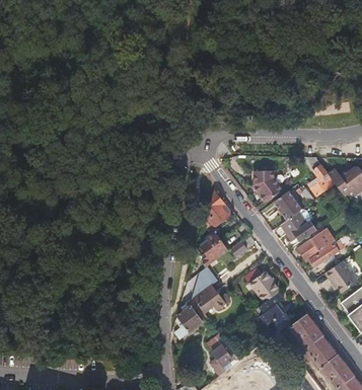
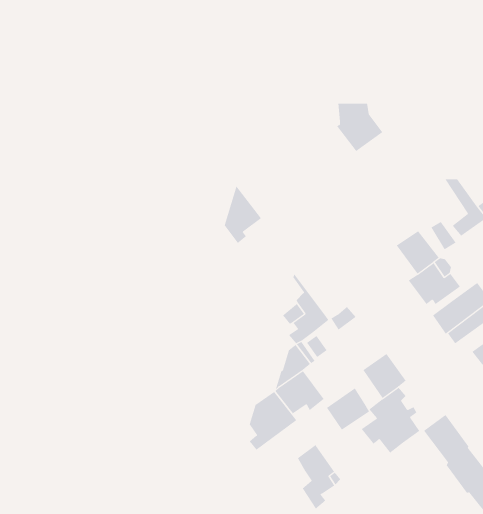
building: [251,170,283,203] -> [336,103,383,152]
building: [206,192,231,232] -> [224,185,262,244]
building: none -> [326,388,370,430]

